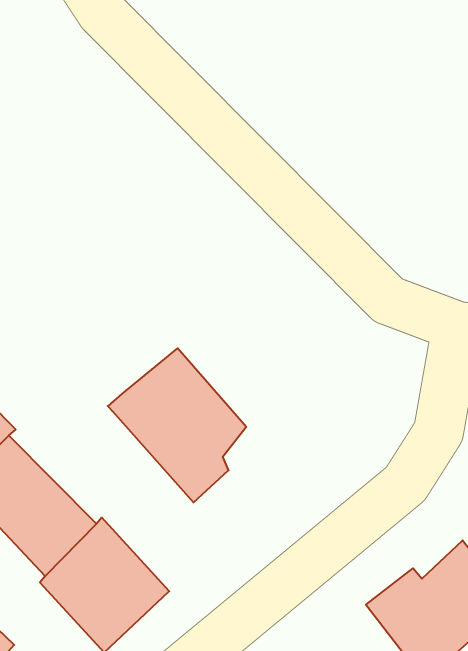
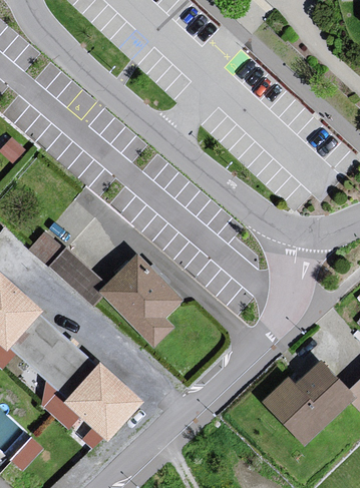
building: none -> [29,231,101,303]

